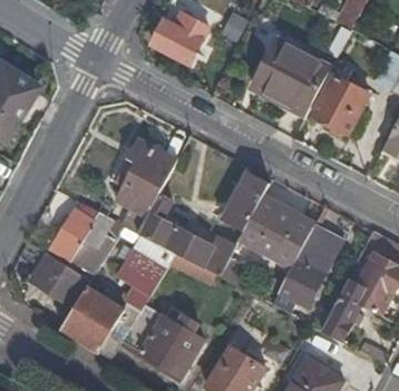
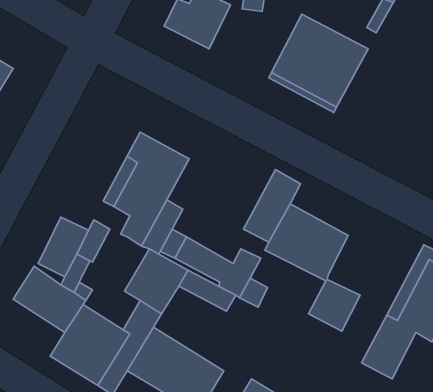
building: [314,75,372,134] -> none
building: [296,224,346,273] -> none

